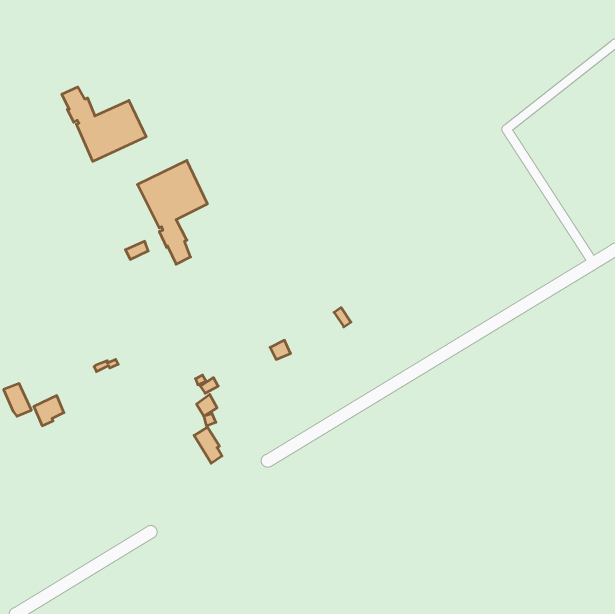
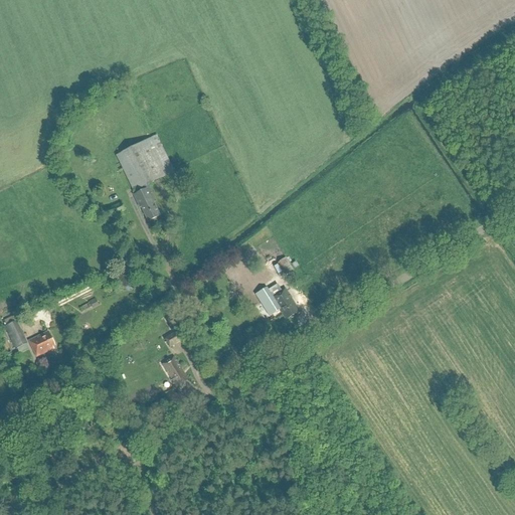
building: [62,87,146,161] -> none
building: none -> [254,283,298,319]

